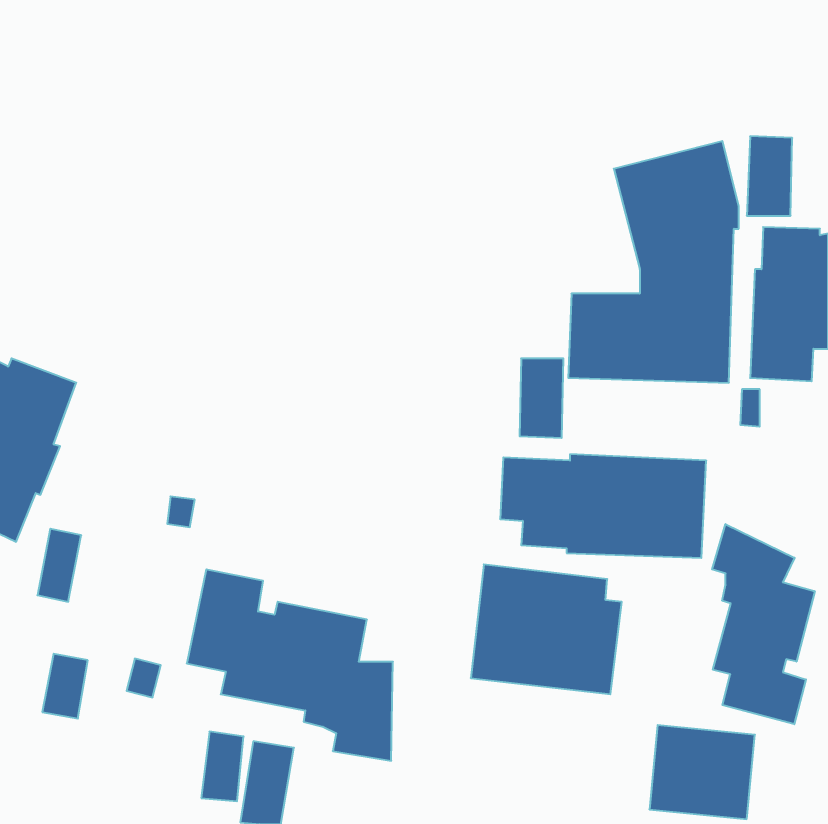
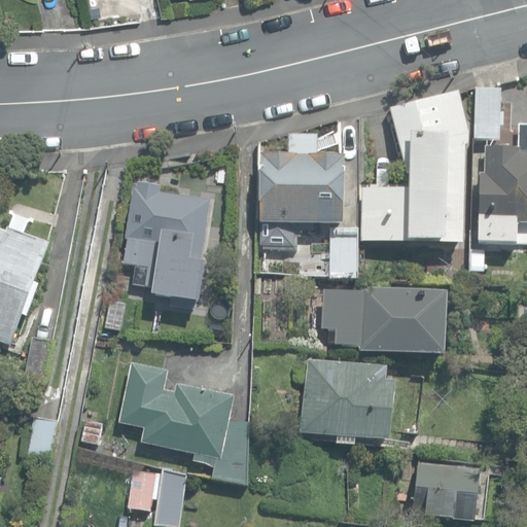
building: none -> [255,133,343,248]
building: none -> [124,180,210,308]
building: [712,524,815,724] -> none

